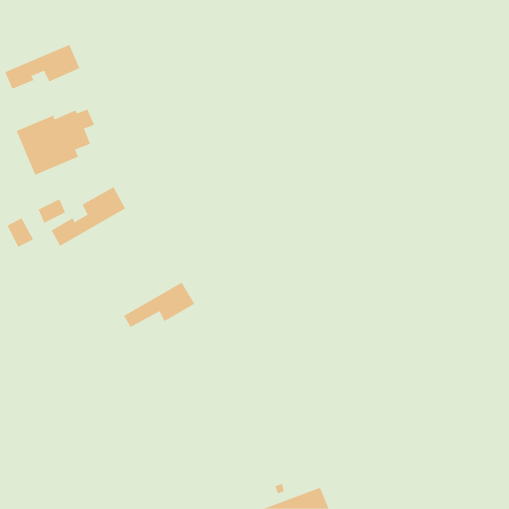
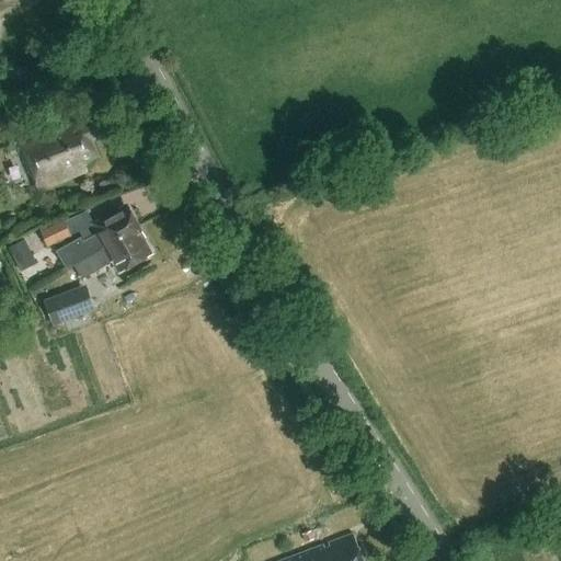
building: [5,44,80,90] -> none
building: none -> [43,285,95,327]
building: [123,282,195,328] -> [73,229,152,279]

